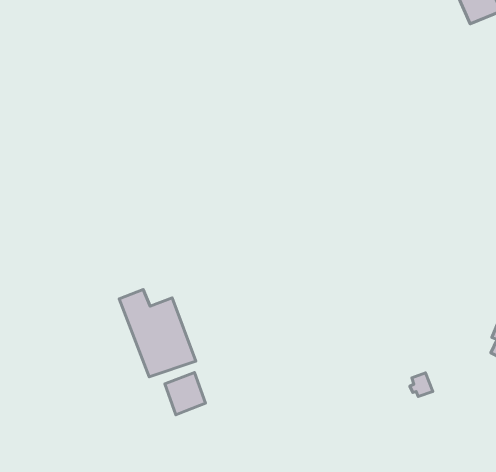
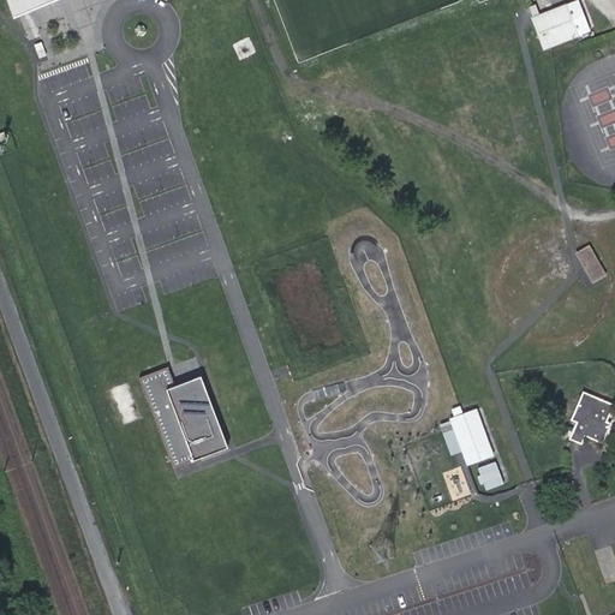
building: none -> [450,406,494,465]
building: [165,372,206,415] -> none

